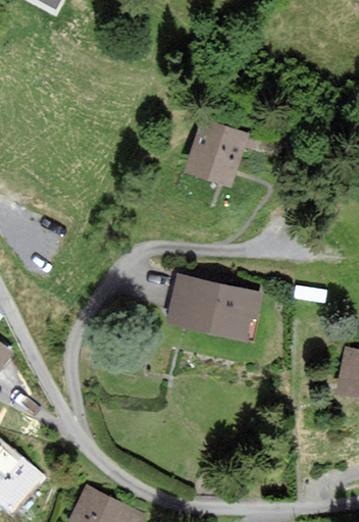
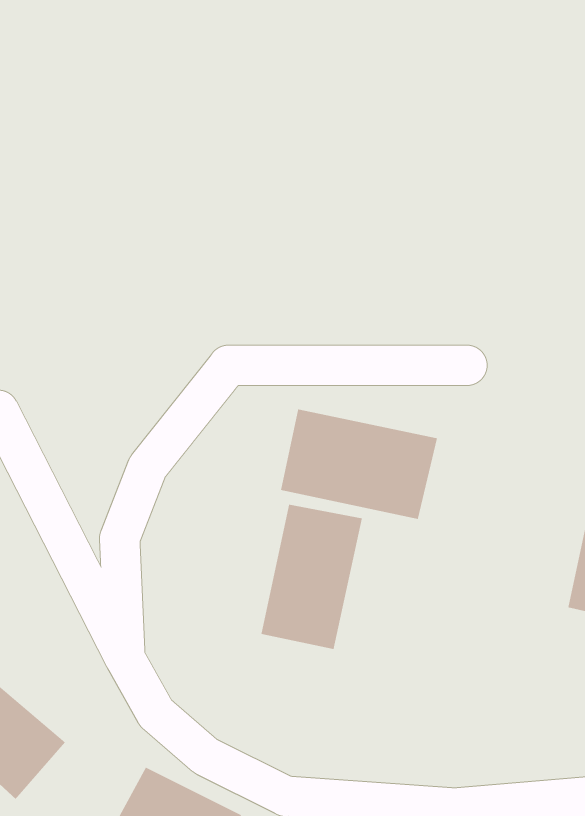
building: [184,118,249,186] -> none
building: none -> [261,504,362,650]

